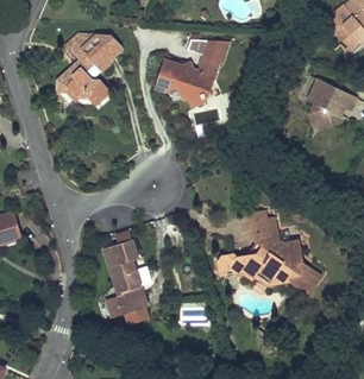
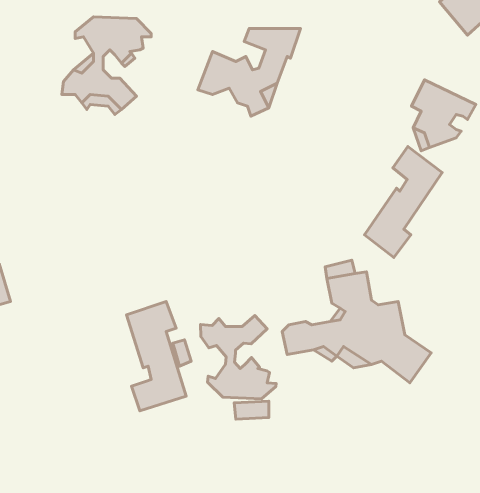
building: none -> [365,146,442,258]
building: none -> [200,316,276,399]

